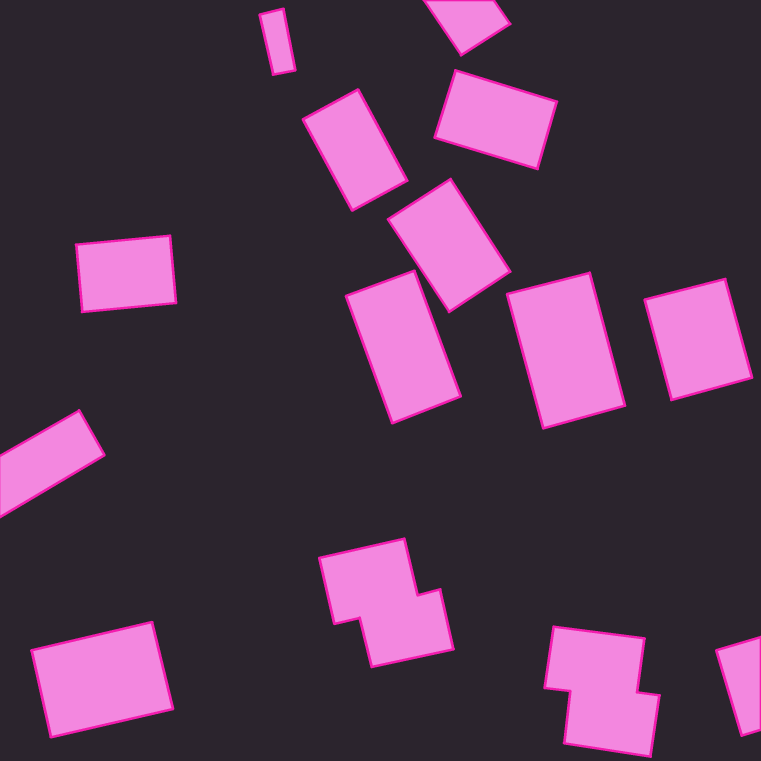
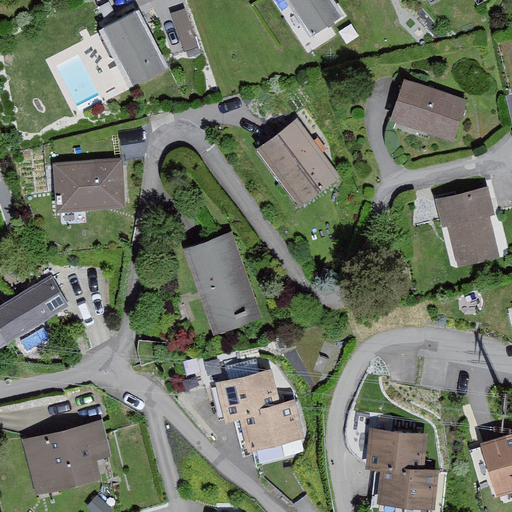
building: [435,70,557,169] -> [383,80,465,146]
building: [303,90,407,210] -> [96,8,166,89]
building: [346,271,461,423] -> [184,230,261,332]
building: [507,273,625,428] -> none

